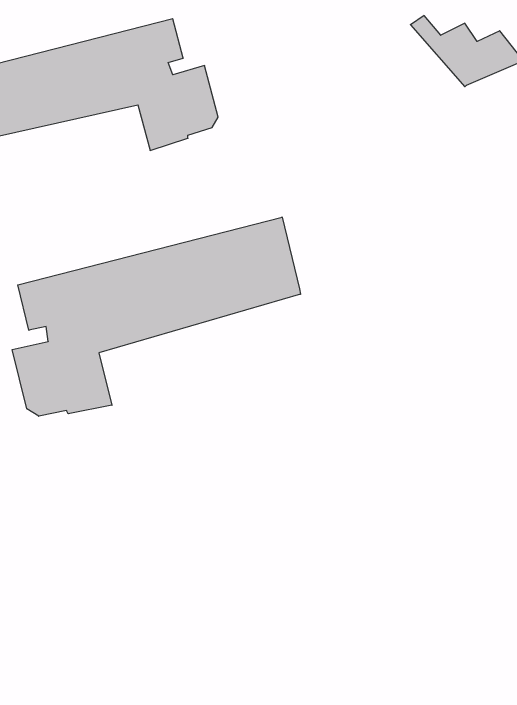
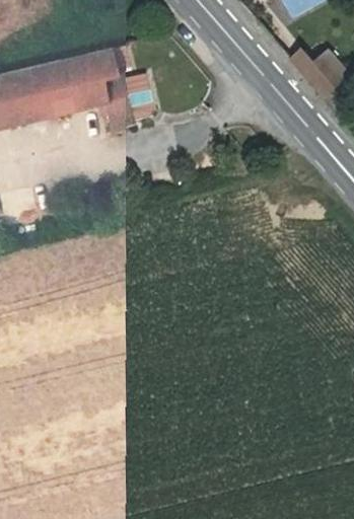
building: [12,217,301,416] -> none

